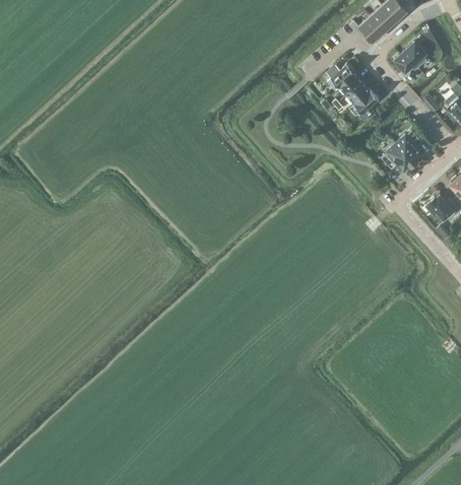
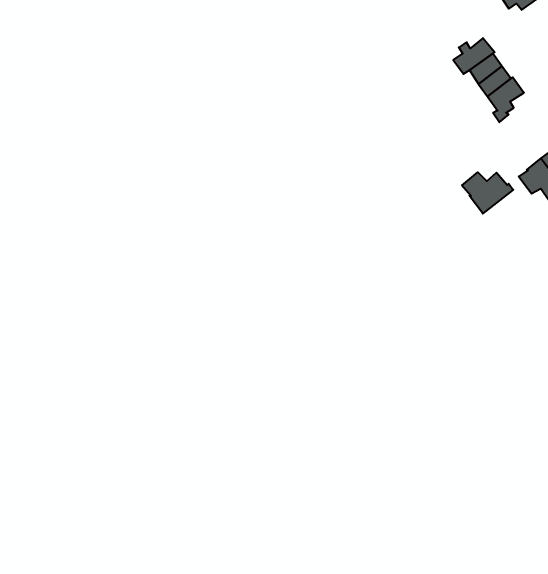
building: none -> [462,172,513,214]

